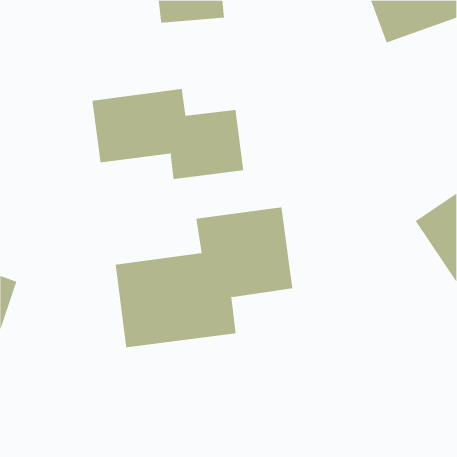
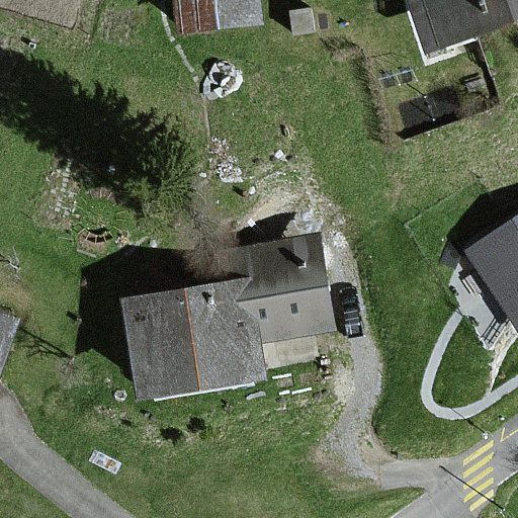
building: [92,88,244,180] -> none

